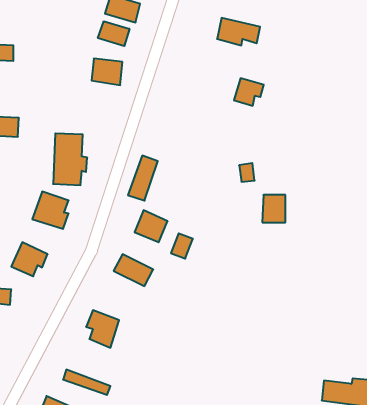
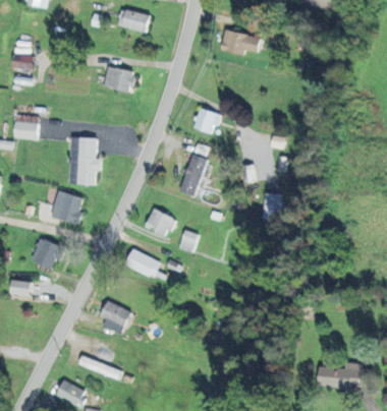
building: [98,21,129,46] -> none
building: [234,78,264,106] -> [194,108,221,133]
building: [128,156,158,201] -> [179,154,207,195]

